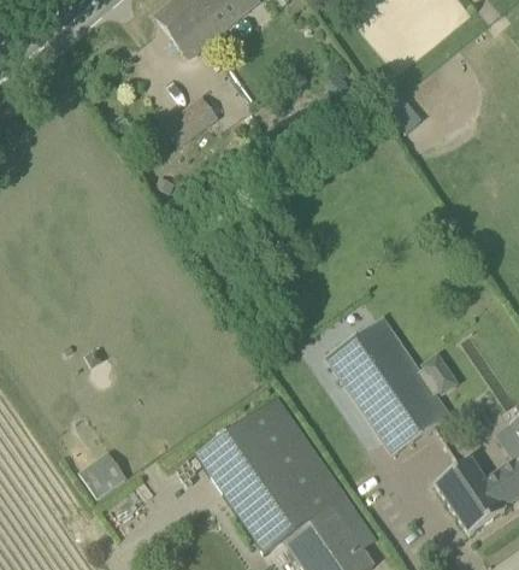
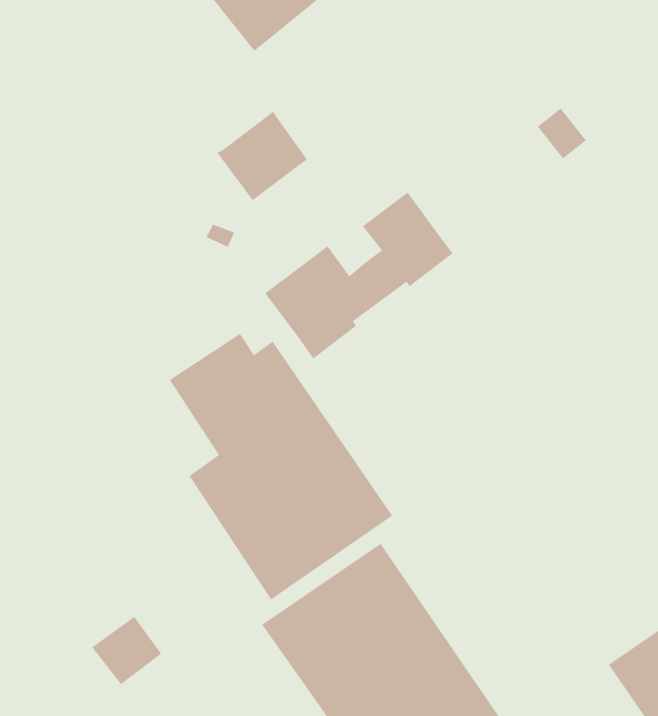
building: none -> [264,192,454,359]
building: none -> [169,333,393,600]
building: [324,316,459,454] -> none

